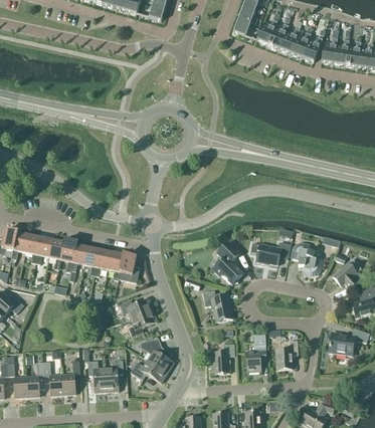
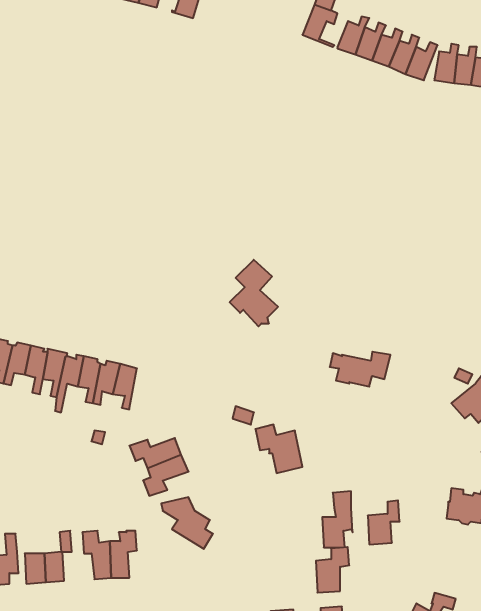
building: [212,240,244,284] -> [230,260,278,326]
building: [292,243,321,274] -> none
building: [119,252,140,282] -> none
building: [213,343,235,373] -> [316,547,349,593]
building: [130,359,168,382] -> none

